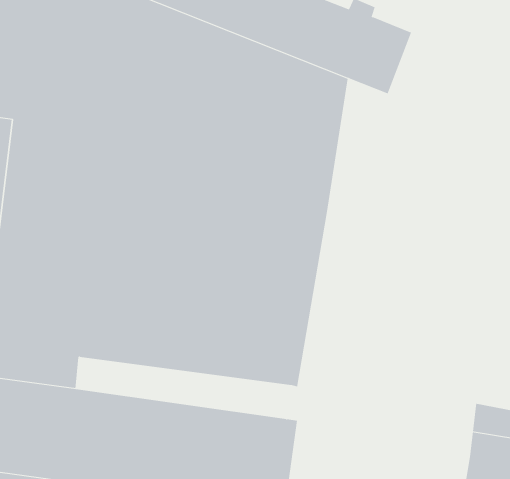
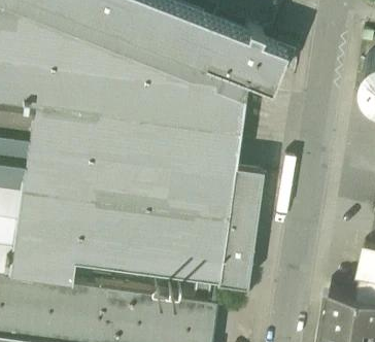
building: none -> [214,167,262,288]
building: none -> [70,262,210,302]

